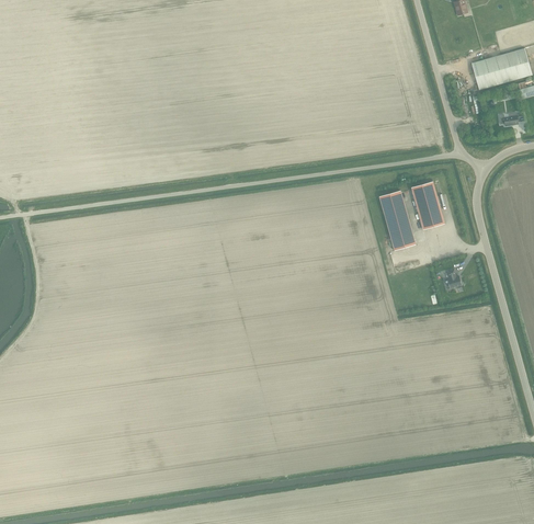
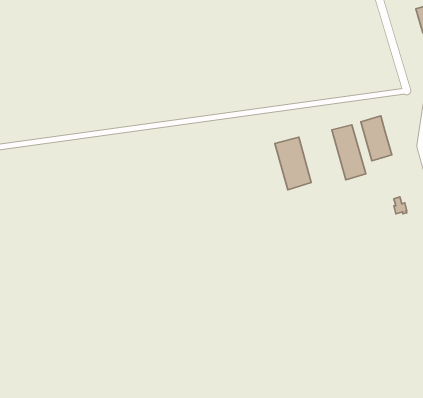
building: none -> [275,137,311,190]

